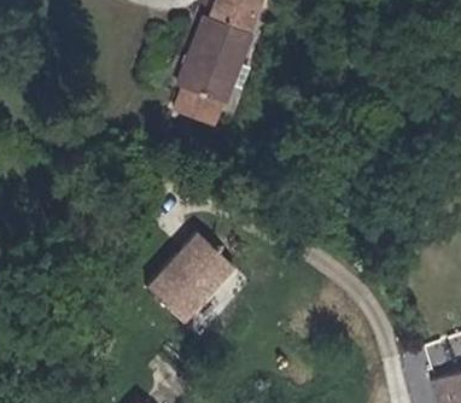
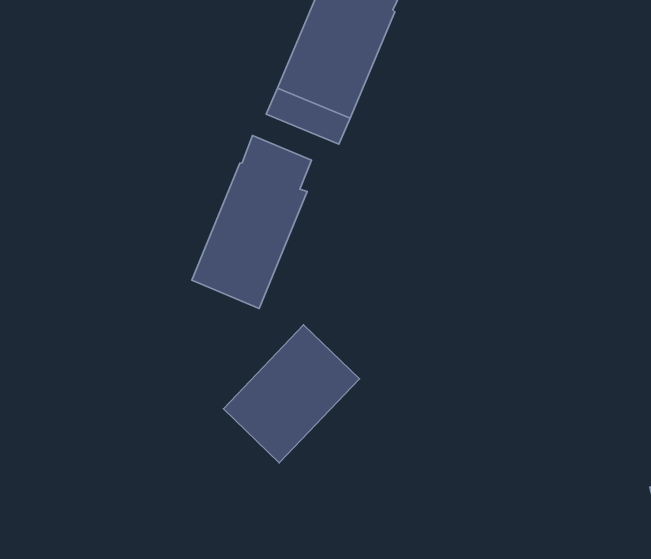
building: none -> [192,136,311,309]

